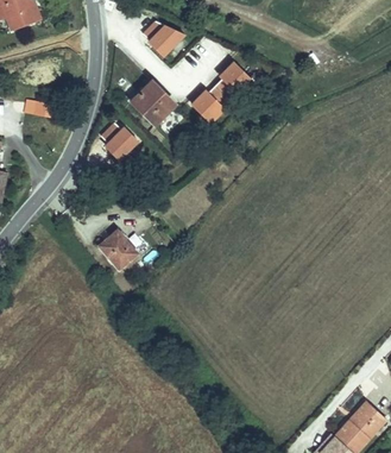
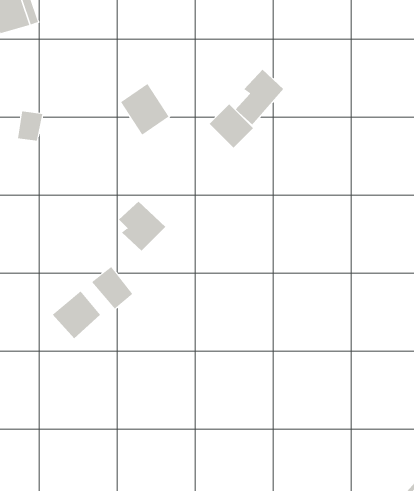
building: [146,25,185,64] -> none
building: [103,126,143,168] -> [118,201,166,251]
building: none -> [52,291,101,339]

